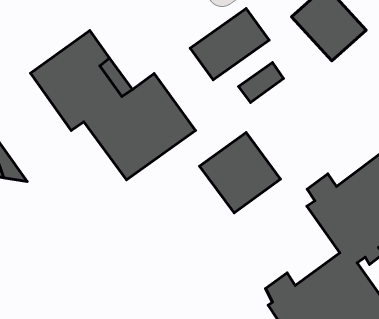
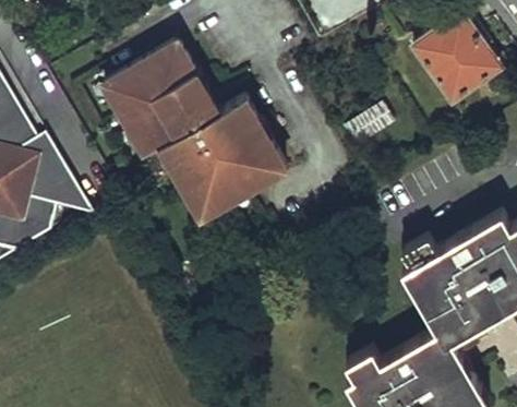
building: [190,9,269,80] -> none
building: [200,132,280,213] -> none

